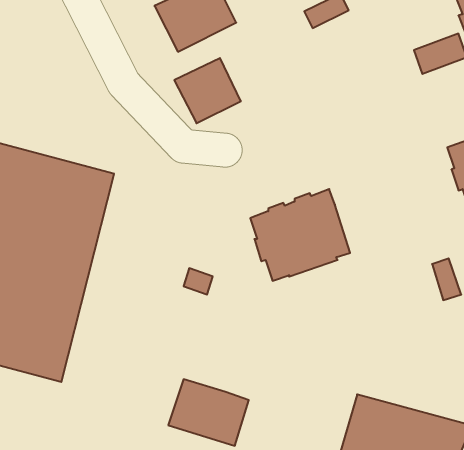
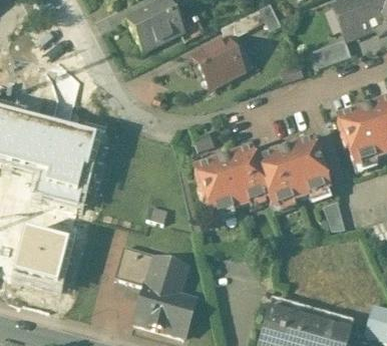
building: [174,58,241,123] -> [194,38,242,85]
building: none -> [256,138,328,205]
building: none -> [114,245,185,294]

